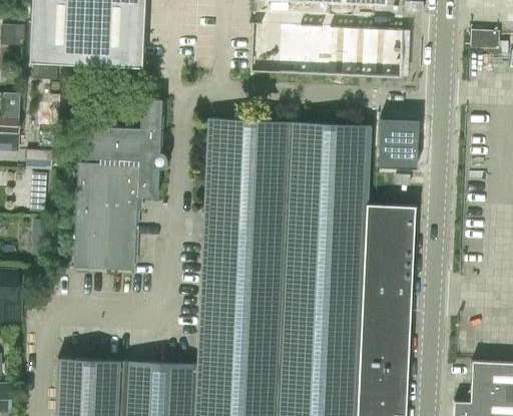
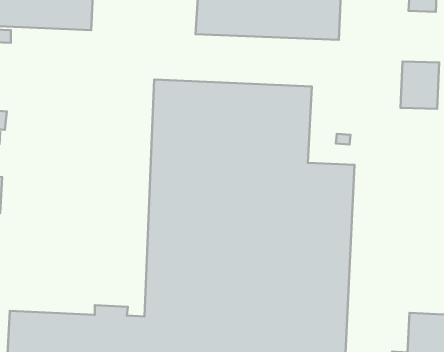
building: [74,99,166,270] -> none
building: [379,119,419,168] -> [400,61,439,109]

